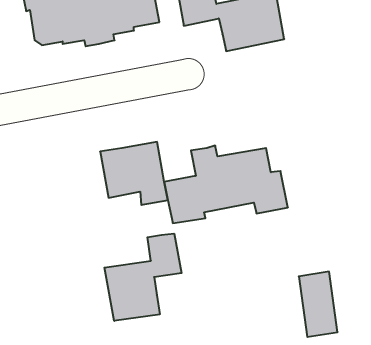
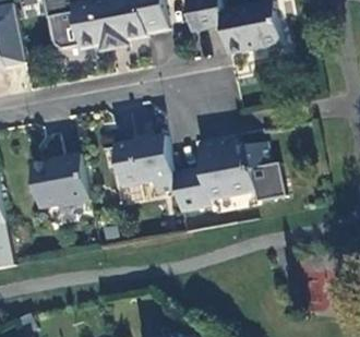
building: none -> [31,154,88,207]
building: [104,234,182,321] -> none

